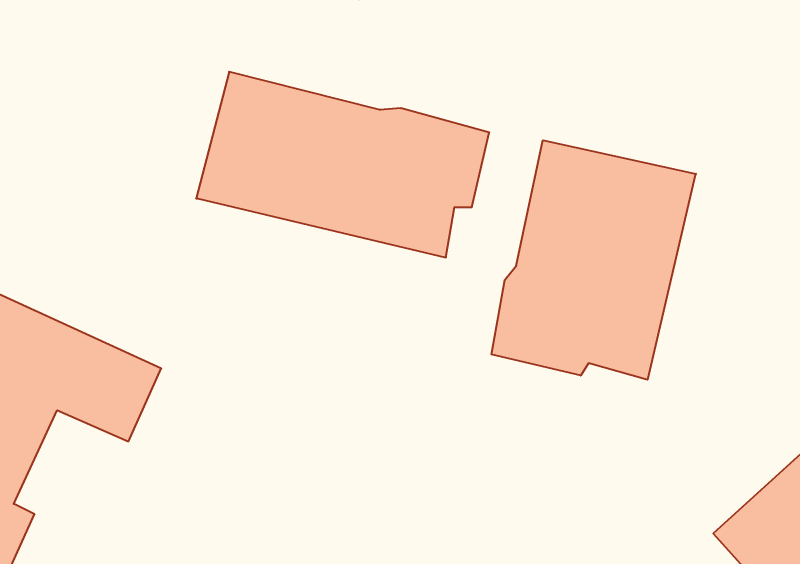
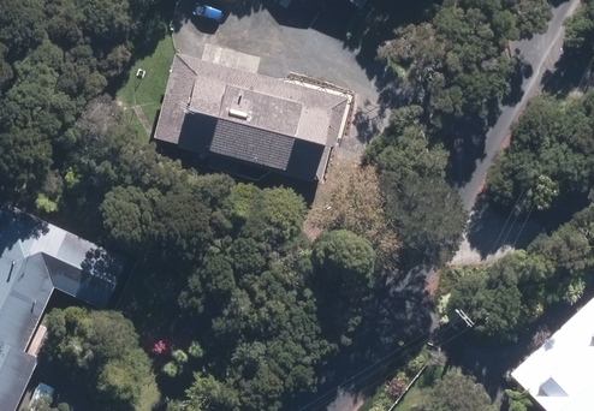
building: [491,140,696,380] -> none

